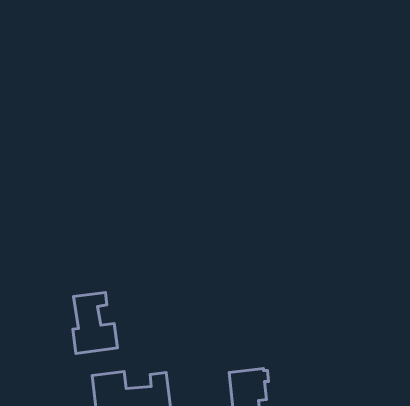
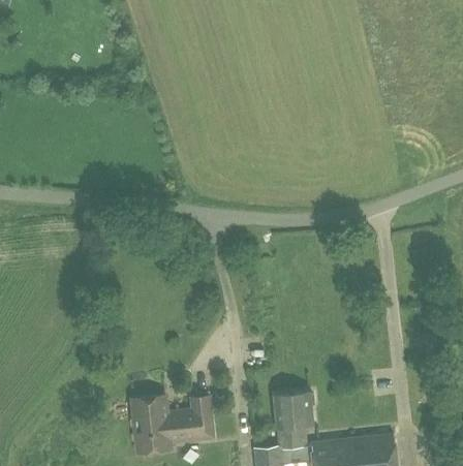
building: [73,293,117,354] -> none

